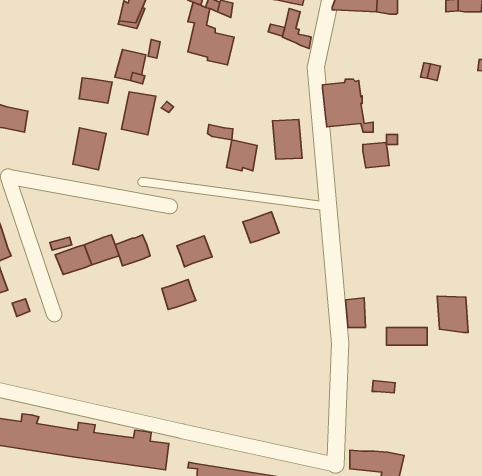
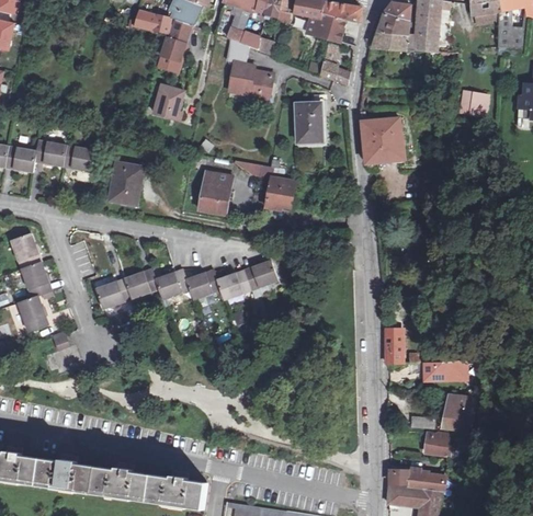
building: [79,78,112,103] -> [64,148,97,173]
building: [122,92,156,135] -> [199,170,233,213]
building: [272,120,302,159] -> [293,103,322,142]
building: [363,142,389,168] -> none
building: [243,212,279,243] -> [242,262,279,293]
building: [162,280,196,309] -> [185,272,219,301]
building: [437,296,468,332] -> [439,393,469,429]
building: none -> [424,435,457,456]
building: none -> [387,470,449,491]

